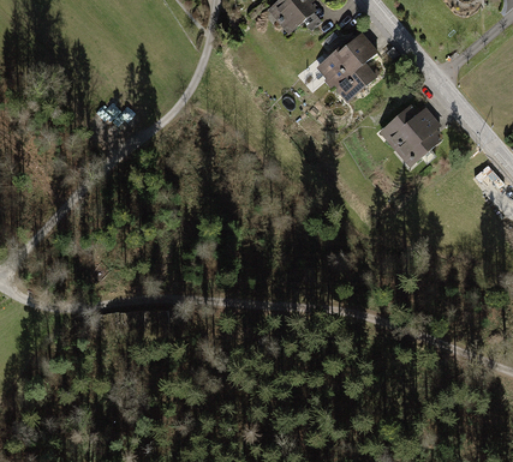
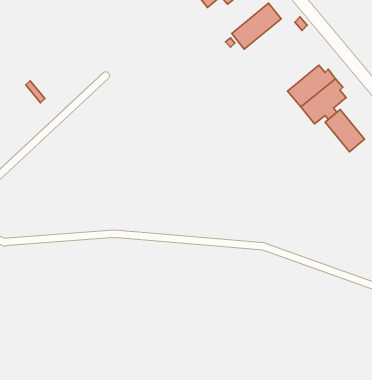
building: [329,48,386,101] -> none
building: none -> [325,110,365,152]

